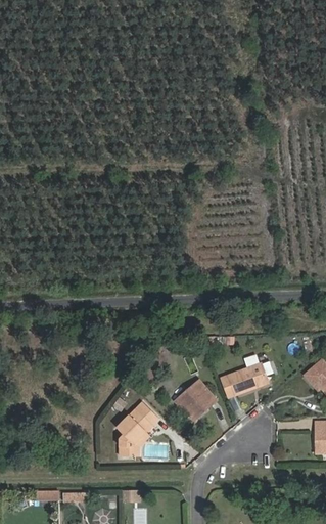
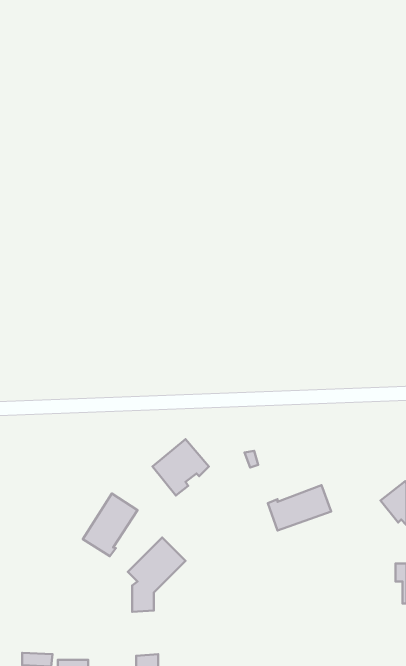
building: none -> [83,494,138,556]
building: [174,380,216,422] -> [153,439,209,495]

